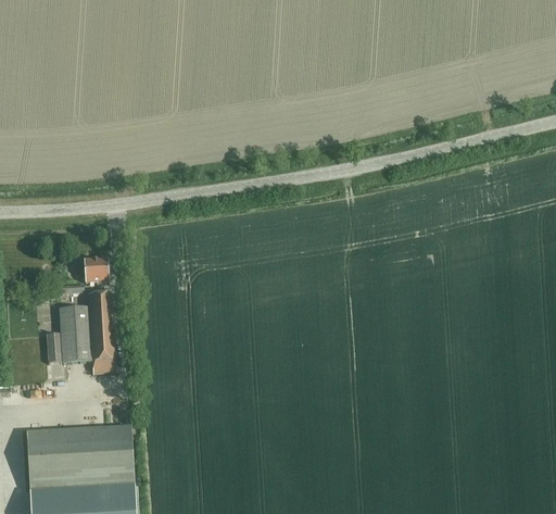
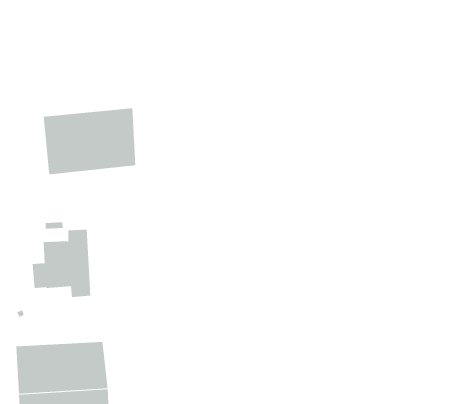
building: none -> [43,108,136,175]
building: [84,258,109,283] -> none

